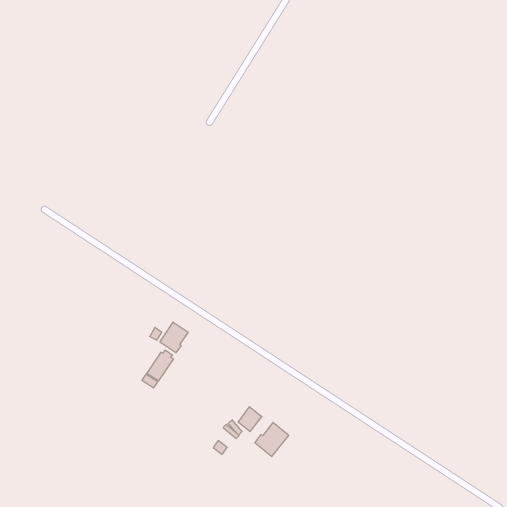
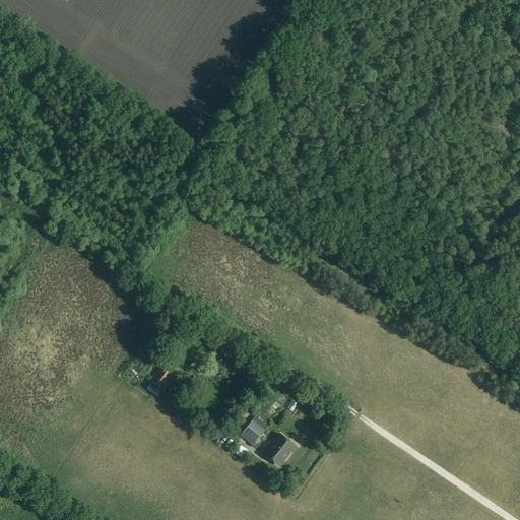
building: [160,322,188,353] -> none

